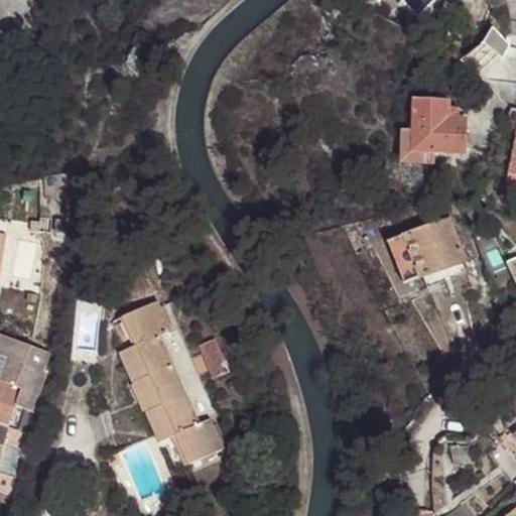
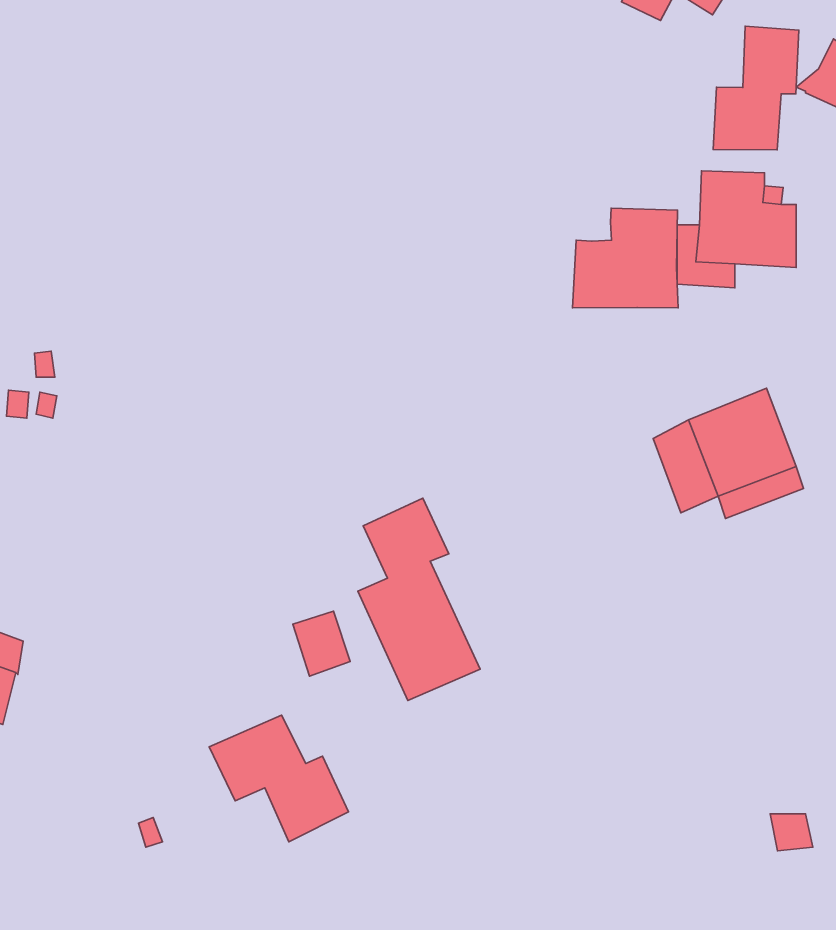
building: none -> [713,26,799,150]
building: none -> [573,208,678,308]
building: [119,301,185,411] -> [358,498,480,701]

